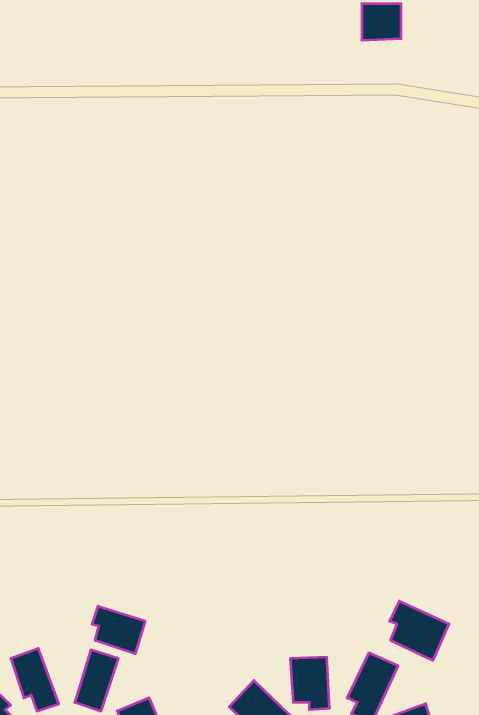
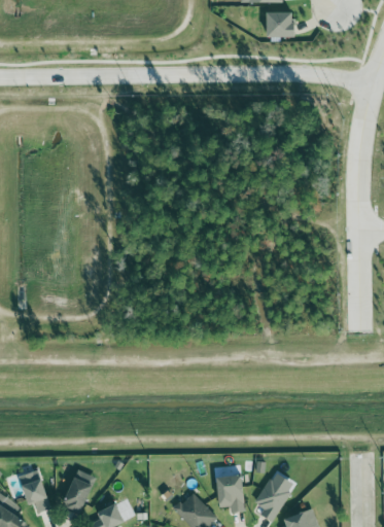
building: [390,601,449,660] -> none
building: [92,606,145,654] -> none

